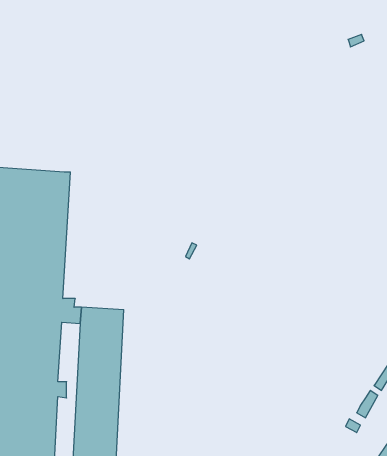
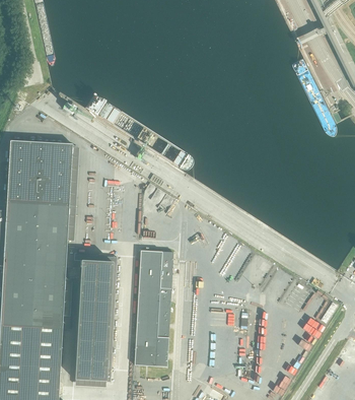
building: none -> [134,251,173,368]

